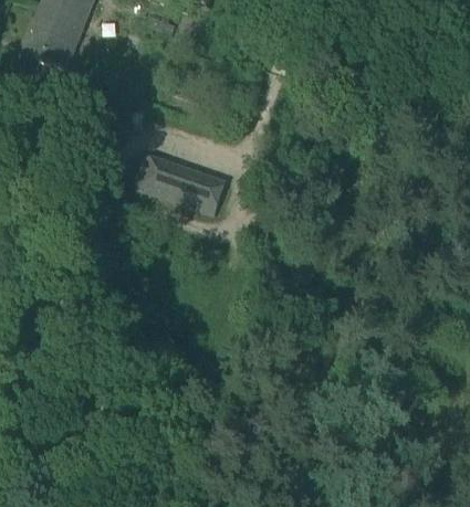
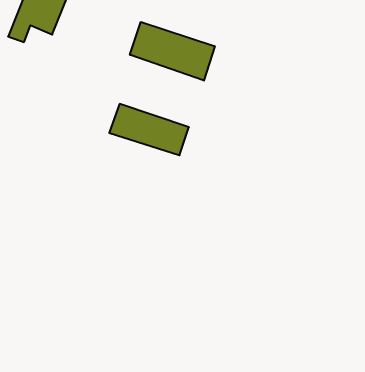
building: none -> [130,22,215,81]

